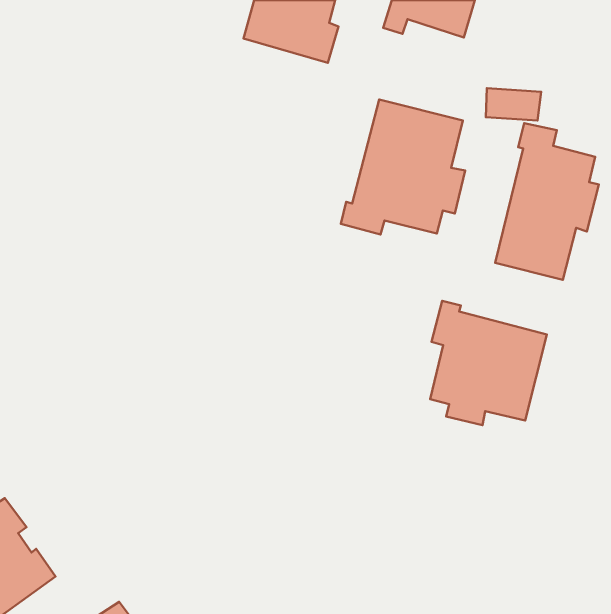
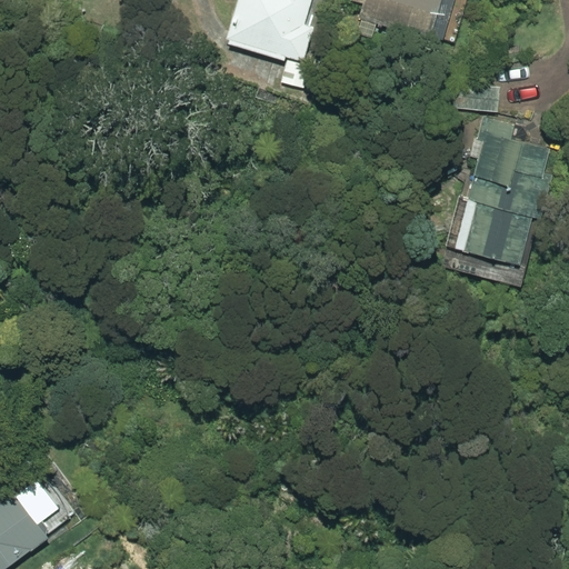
building: [341,100,465,235] -> none
building: [430,301,547,425] -> none

